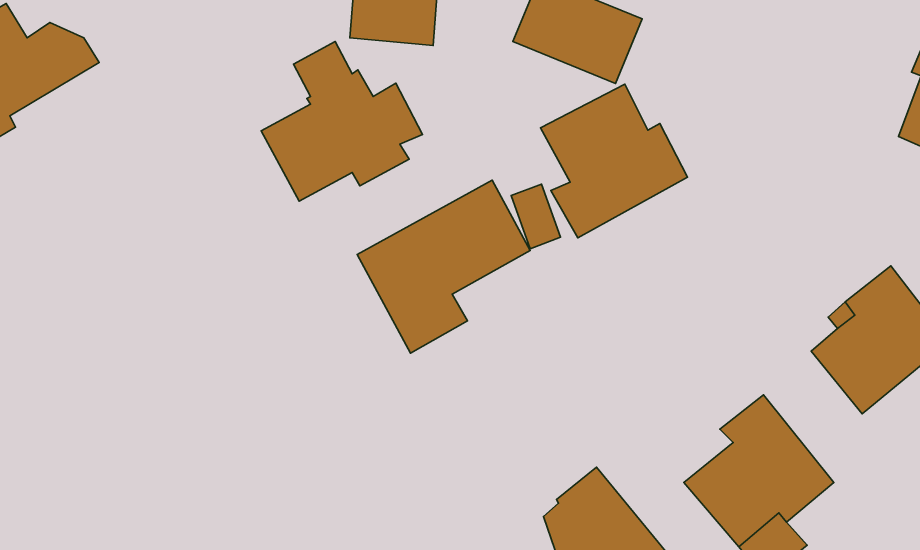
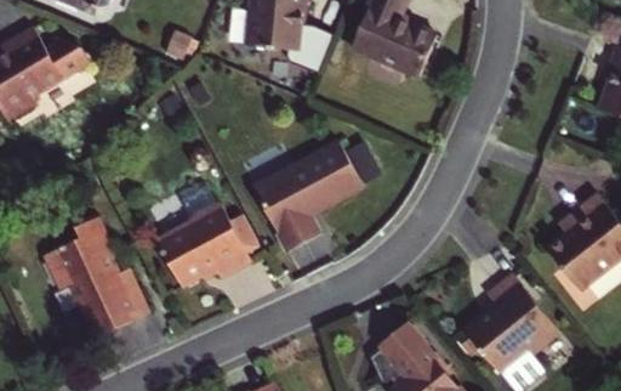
building: [261,42,423,201] -> [159,186,262,288]
building: [540,84,688,238] -> none
building: none -> [47,214,150,341]

